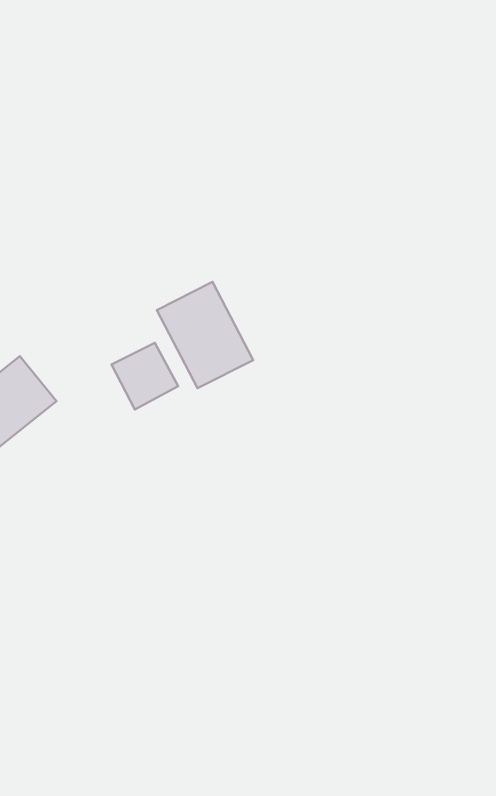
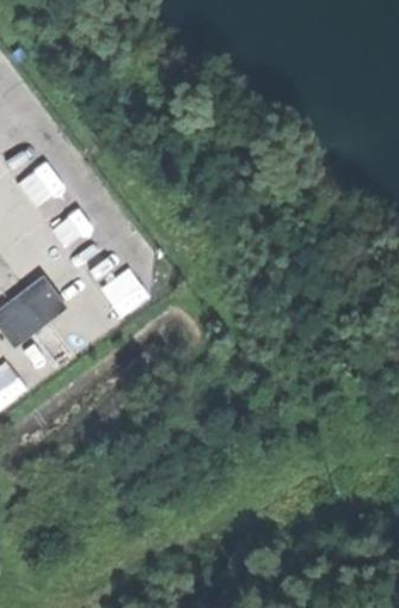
building: [157,282,253,388] -> none

